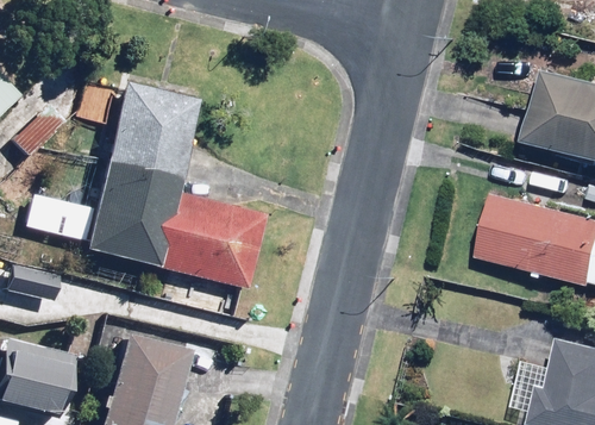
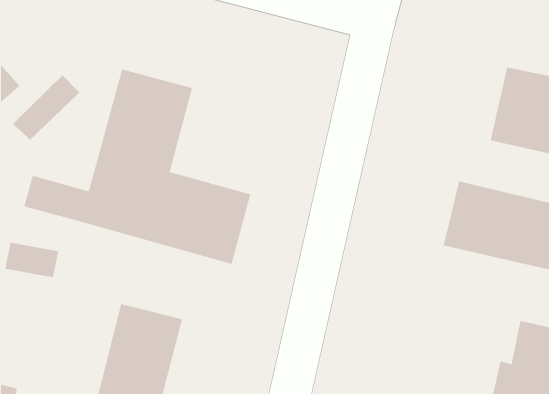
building: [7,337,81,406] -> none

